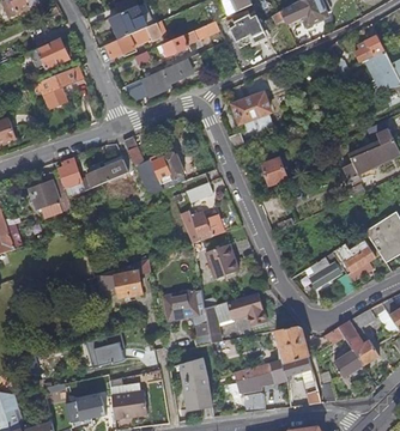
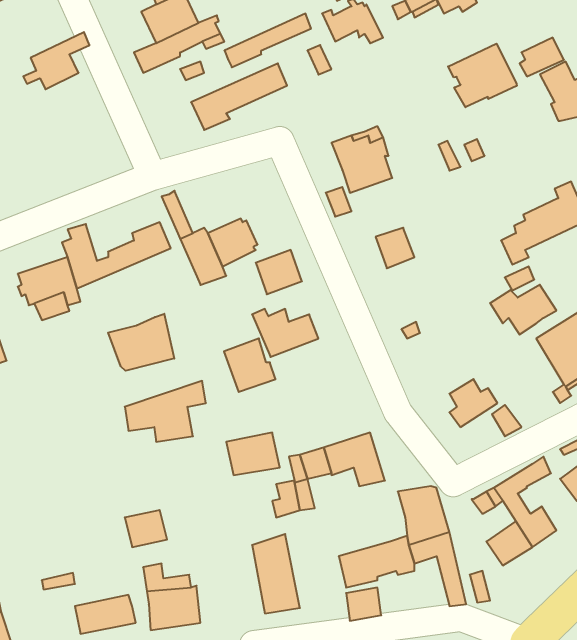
building: none -> [448,44,517,107]
building: [32,66,84,108] -> none
building: none -> [108,314,174,371]
building: [332,239,375,272] -> [490,285,556,335]
building: [205,243,238,278] -> [224,338,276,392]

